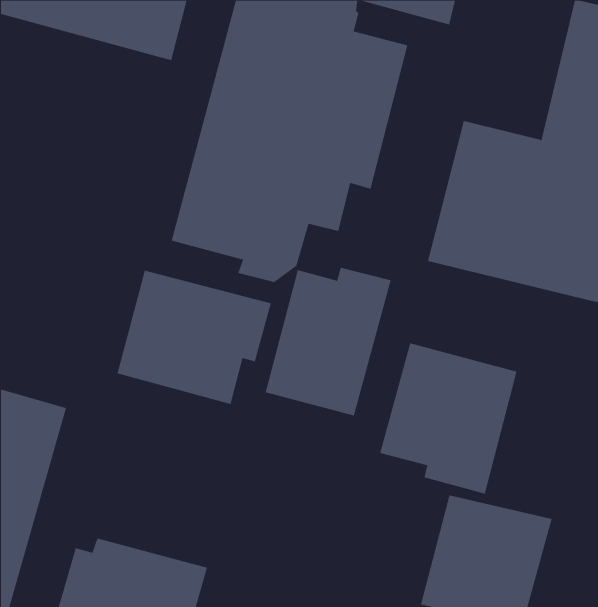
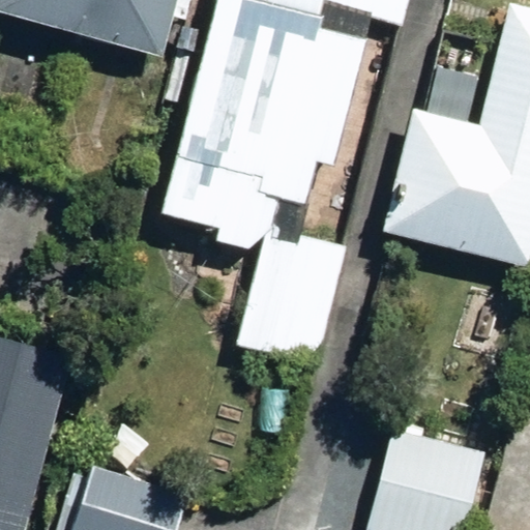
building: [117,270,272,405] -> none
building: [380,343,517,495] -> none

